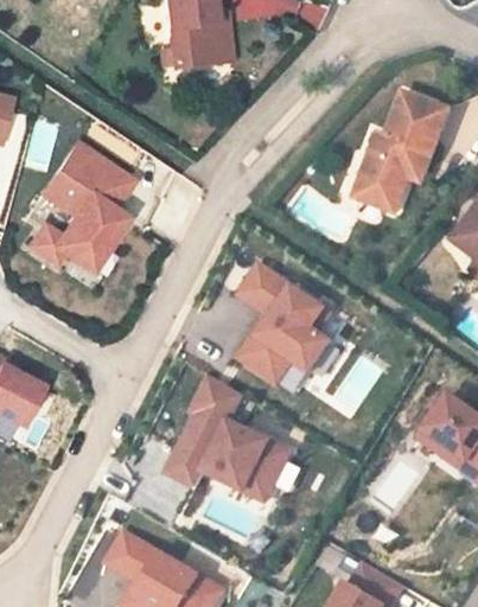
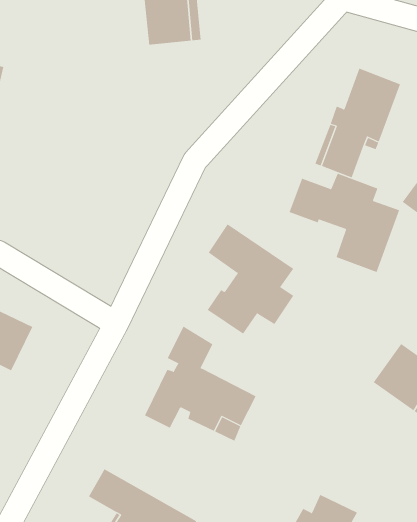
building: [20,136,135,275] -> none
building: none -> [289,173,400,273]

